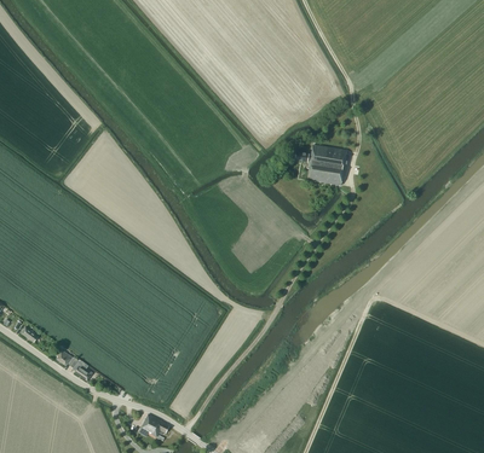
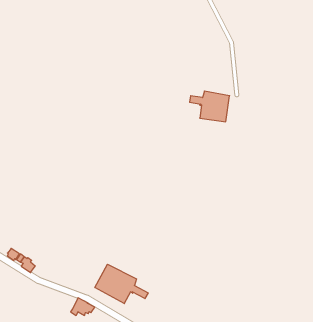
building: none -> [95,264,148,304]

